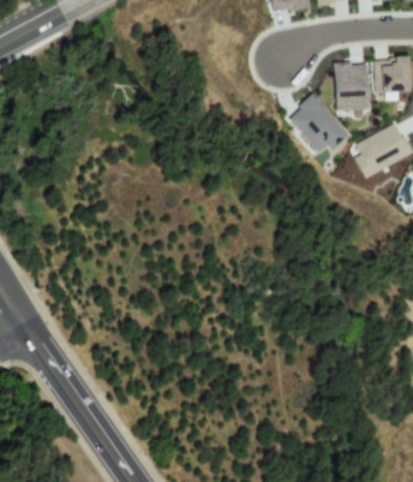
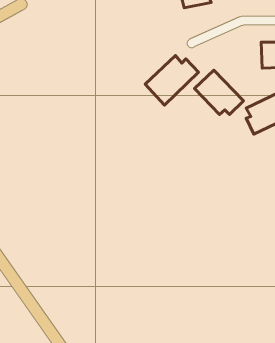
building: [334,63,369,111] -> none
building: none -> [145,55,199,105]

